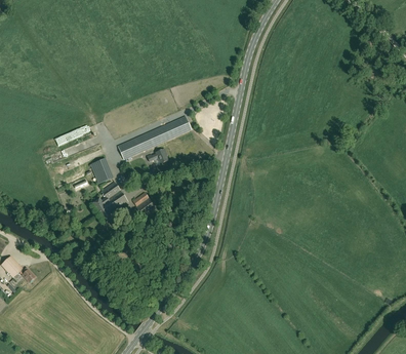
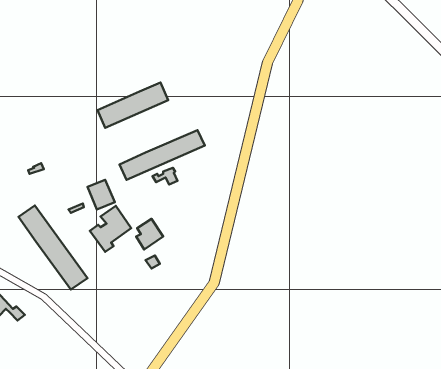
building: none -> [98,83,168,128]
building: none -> [18,205,87,290]

